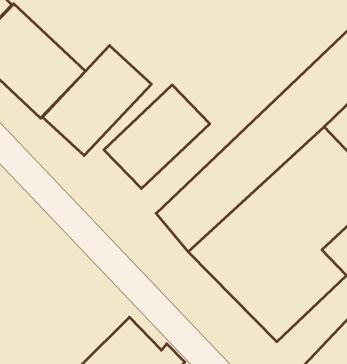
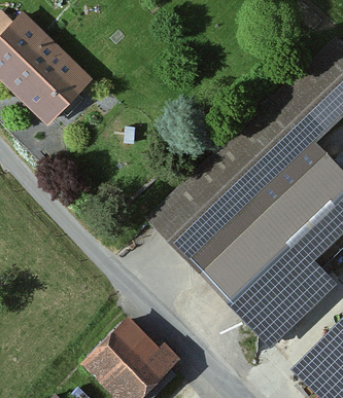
building: [42,45,151,156] -> none
building: [104,85,210,189] -> none

